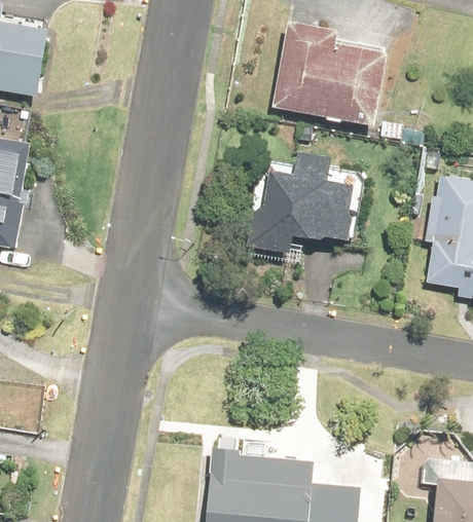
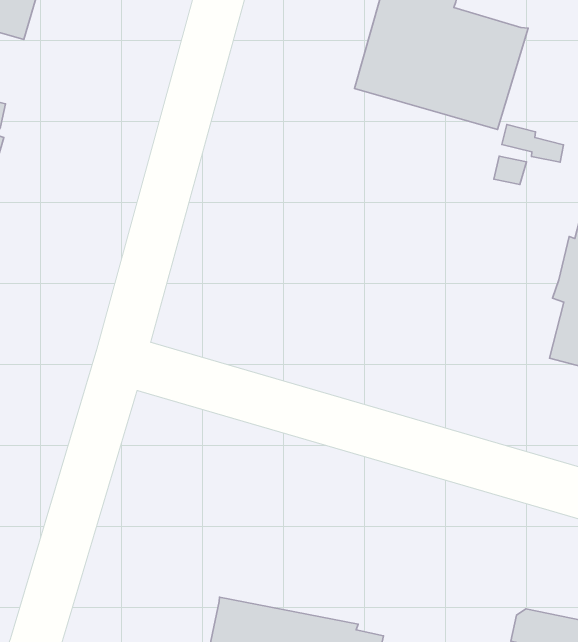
building: [248,151,355,253] -> none

